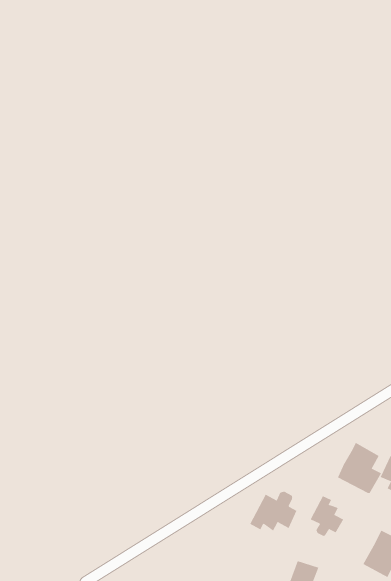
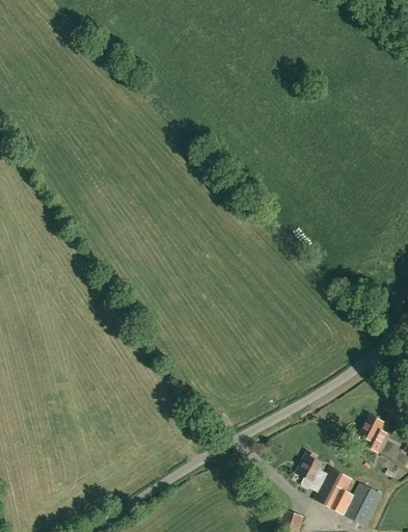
building: [337,442,382,494] -> [314,467,354,513]
building: [250,491,297,531] -> none

